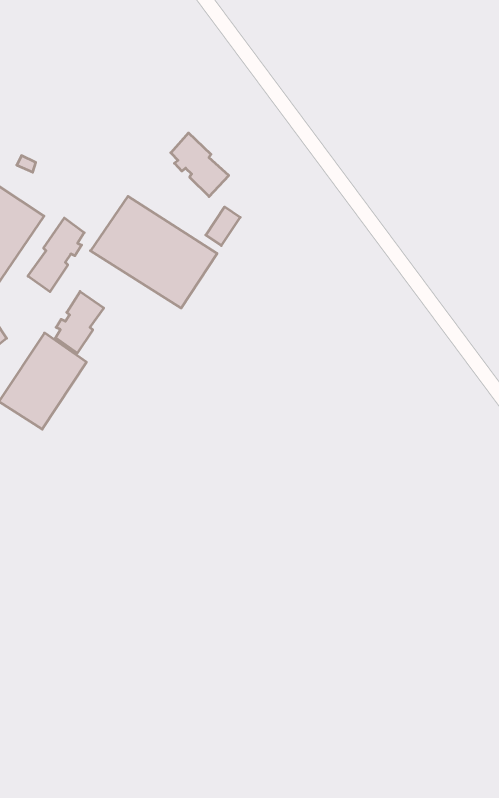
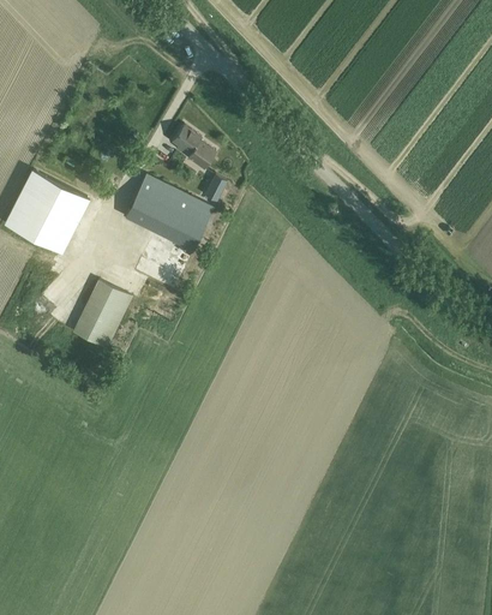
building: [28,218,84,292] -> none
building: [55,291,104,353] -> none

